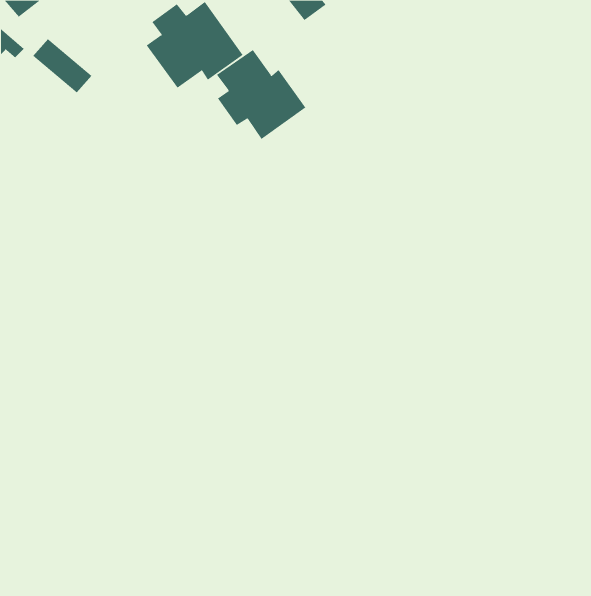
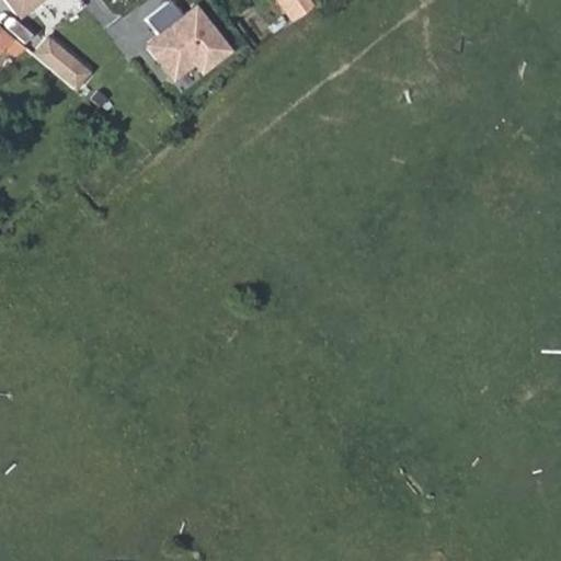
building: [216,49,306,140] -> none

